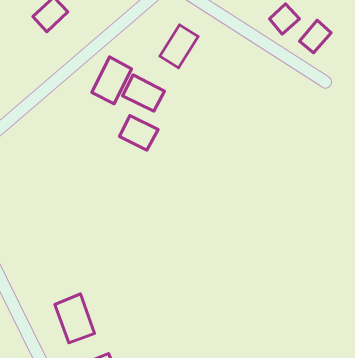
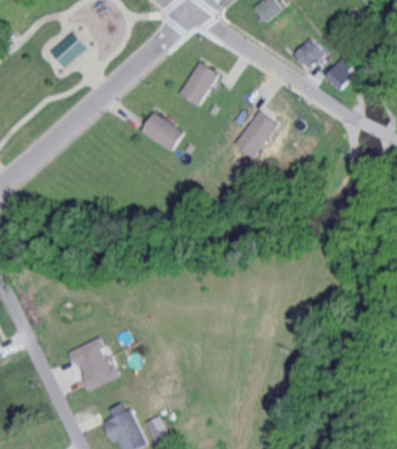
building: [92,57,132,104] -> none
building: none -> [235,109,278,159]
building: [119,116,158,150] -> none

